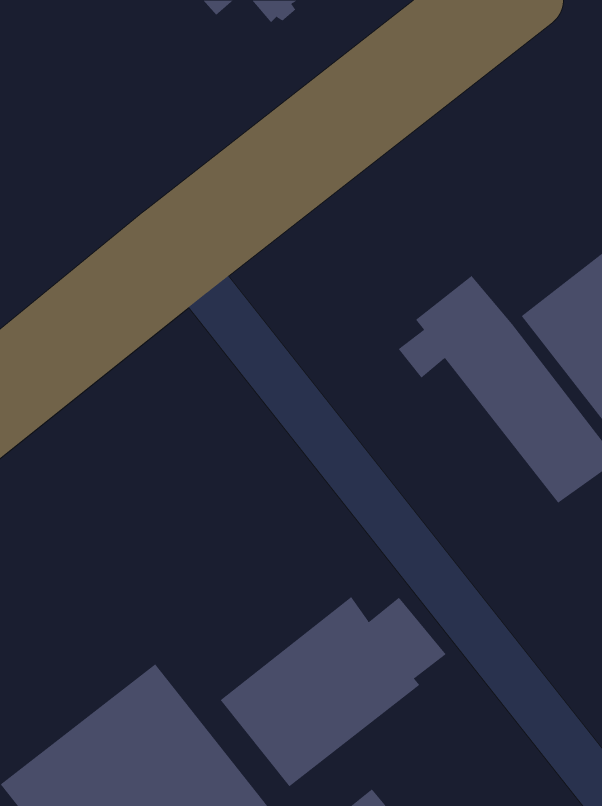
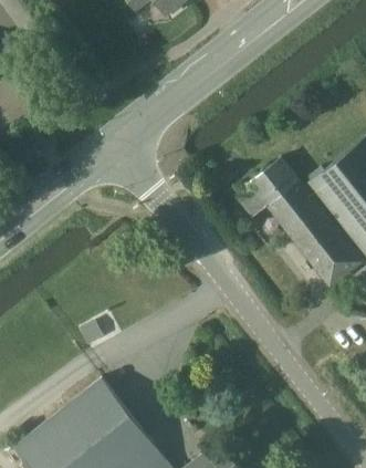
building: [220,596,447,787] -> none

